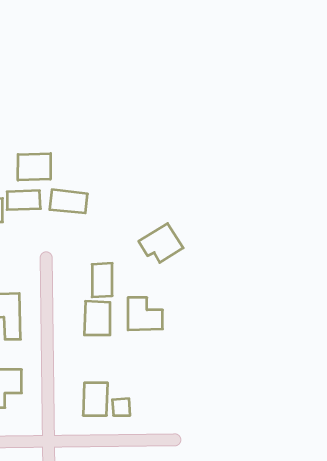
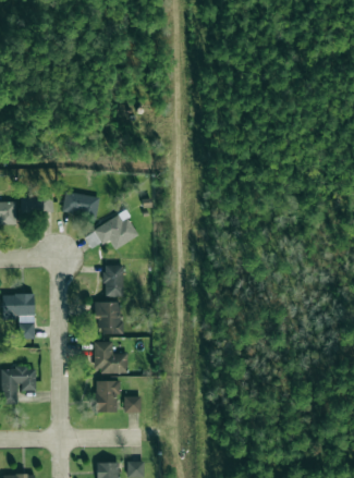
building: [18,153,51,180] -> none
building: [139,223,183,263] -> [94,212,137,250]
building: [128,298,163,330] -> [94,342,127,373]

